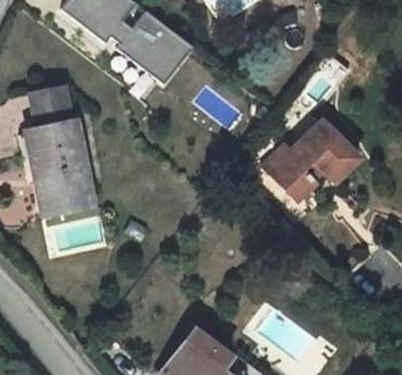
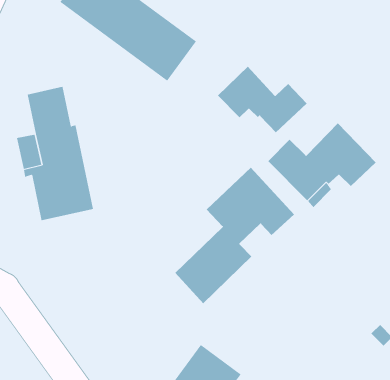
building: none -> [217,66,308,133]
building: none -> [175,167,295,304]

